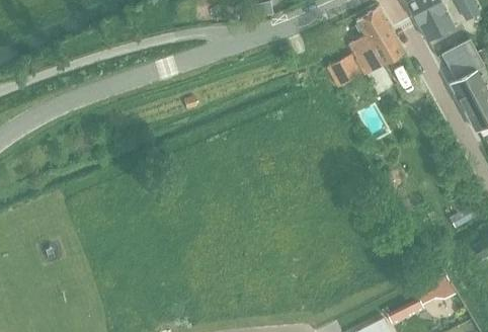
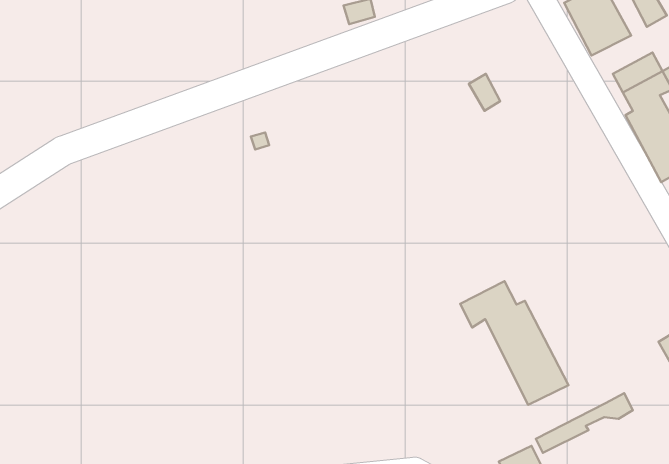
building: [348,7,403,73] -> none
building: none -> [460,281,569,405]

